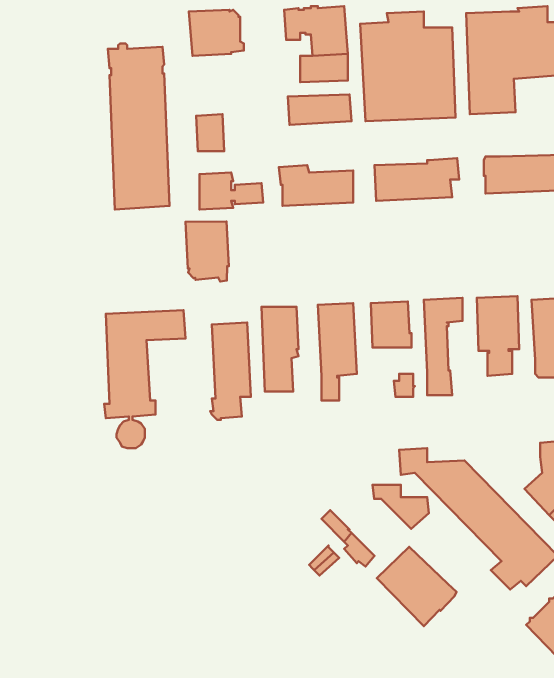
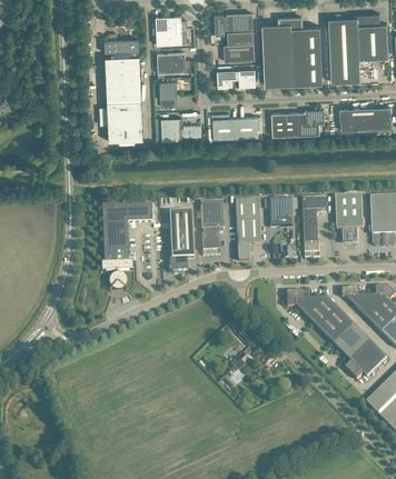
building: none -> [157,52,191,72]
building: [185,221,229,281] -> none
building: [372,485,429,529] -> [341,289,377,317]
building: [377,547,457,626] -> none

